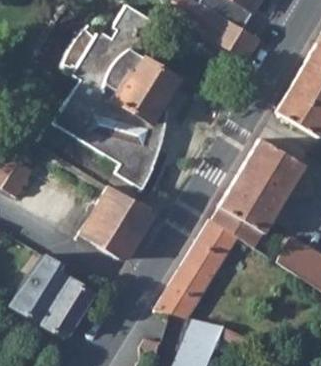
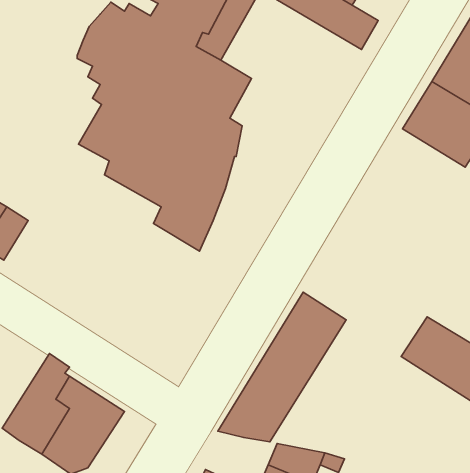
building: [211,137,304,245] -> none
building: [77,185,155,263] -> none

